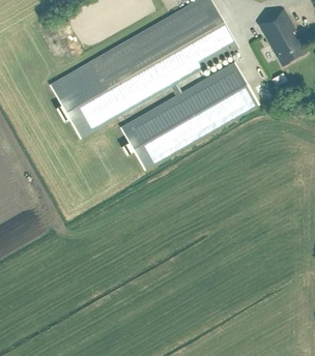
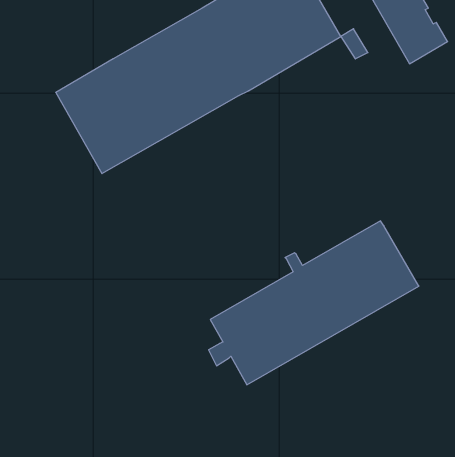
building: [121,61,258,168] -> [209,221,419,385]

